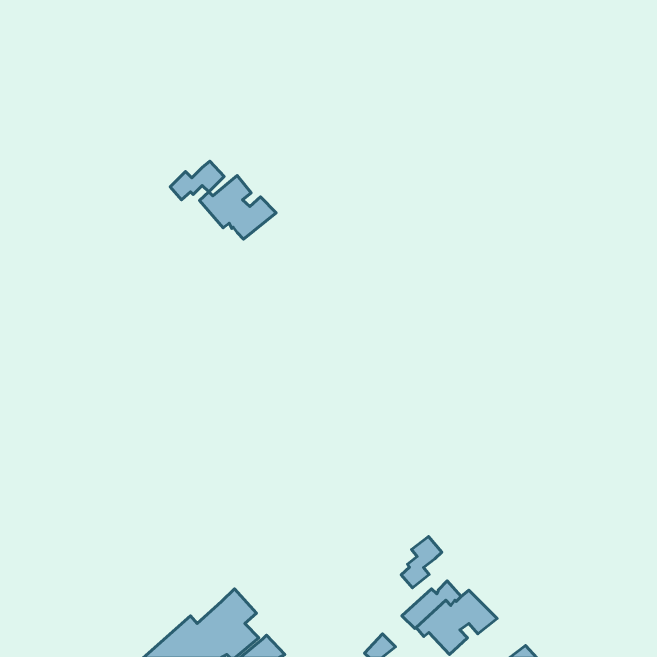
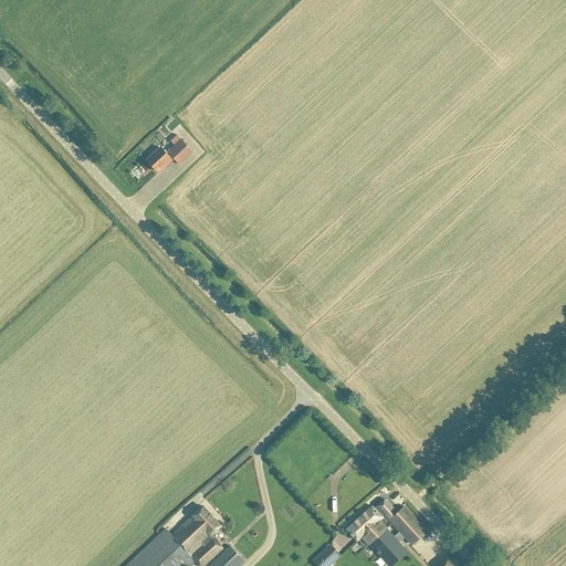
building: [200,176,276,239] -> none
building: [401,536,442,588] -> none

